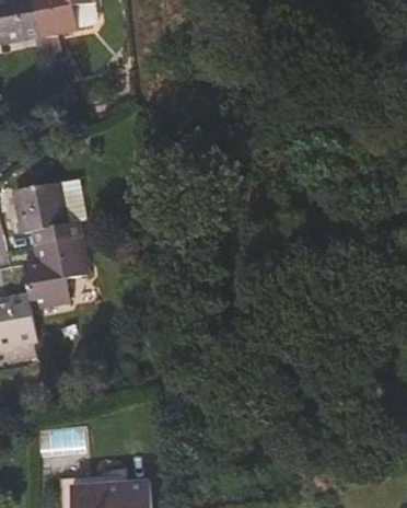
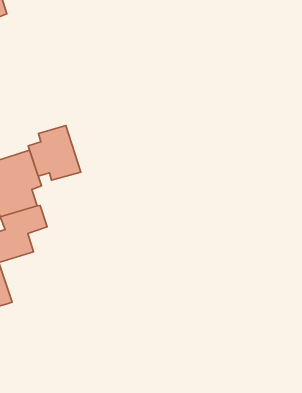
building: none -> [28,125,81,180]

